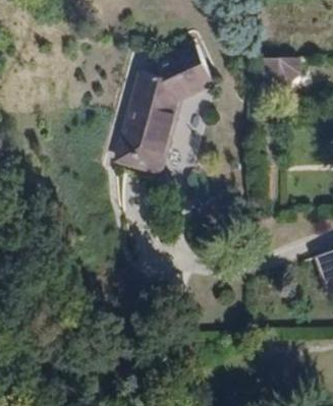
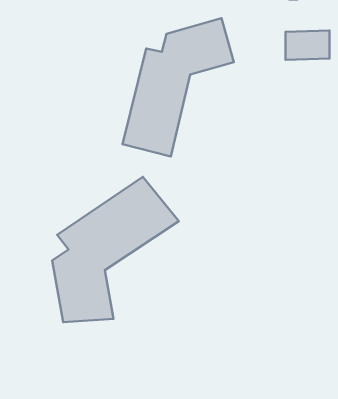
building: none -> [52,177,179,322]

